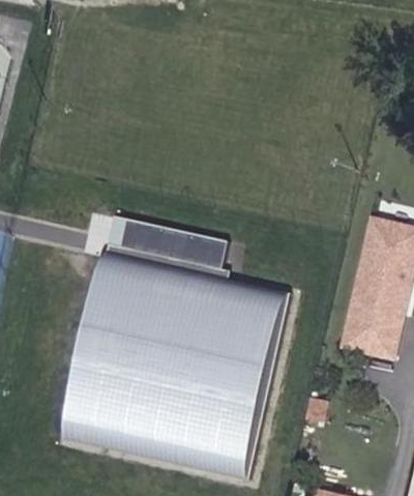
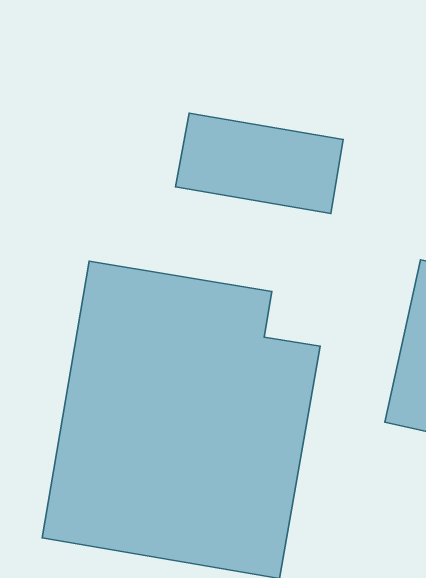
building: none -> [176,113,343,214]

